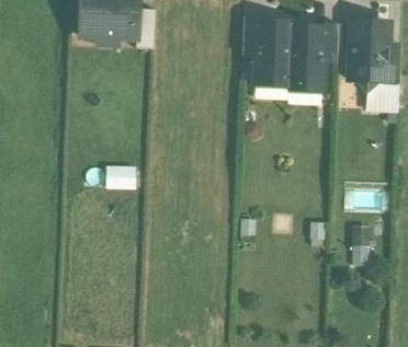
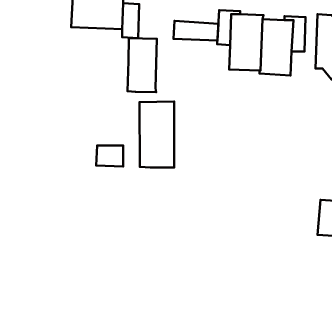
building: none -> [173,21,218,41]
building: none -> [127,38,157,92]
building: none -> [140,101,174,167]

